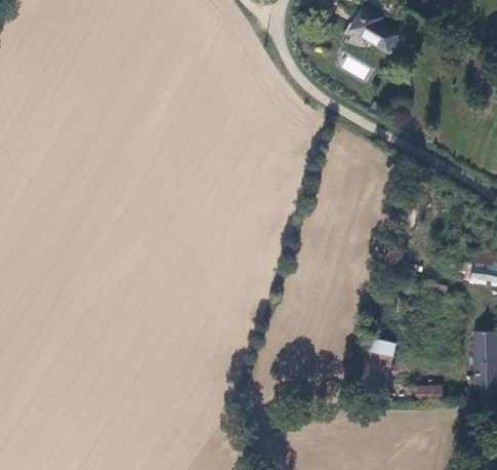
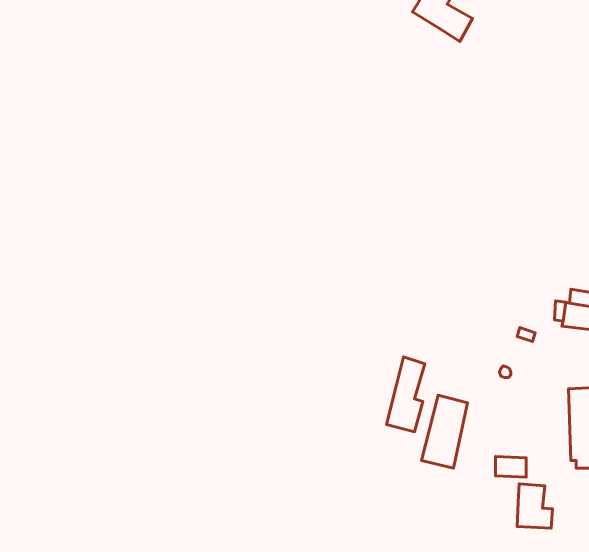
building: none -> [386,357,425,432]
building: none -> [517,484,553,528]

